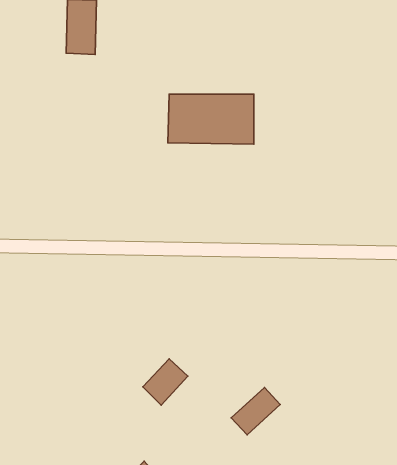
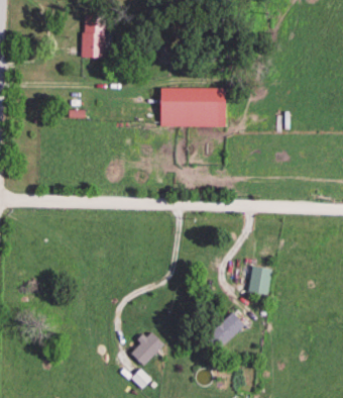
building: none -> [248,266,271,295]
building: [143,359,188,405] -> [129,331,163,367]

